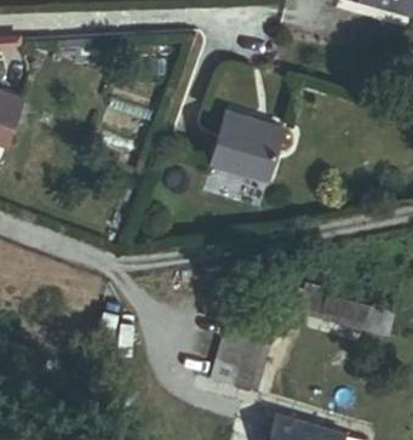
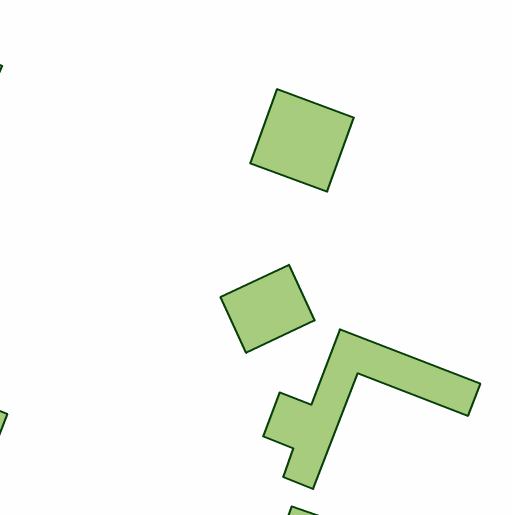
building: none -> [221,265,315,353]

